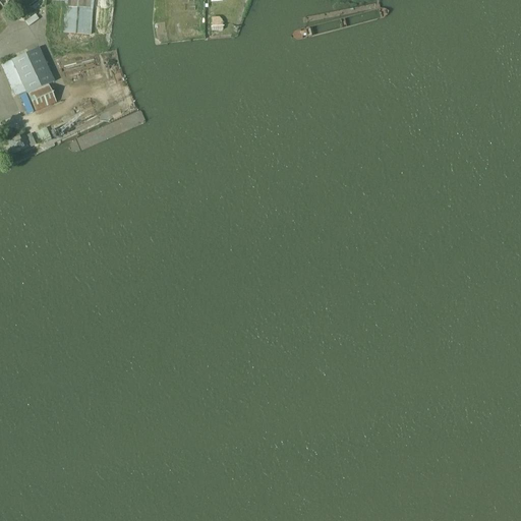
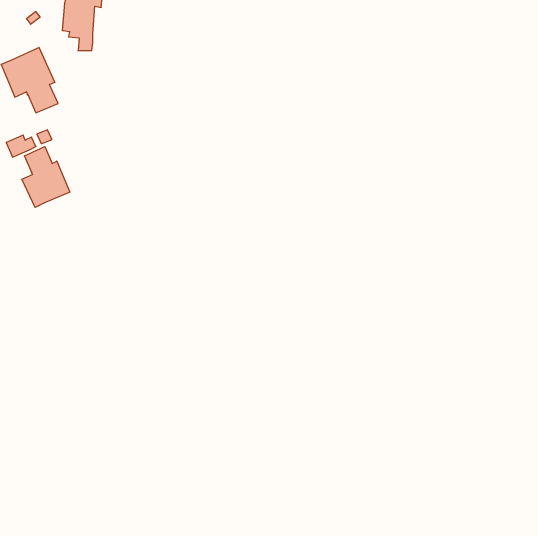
building: none -> [22,147,70,207]

